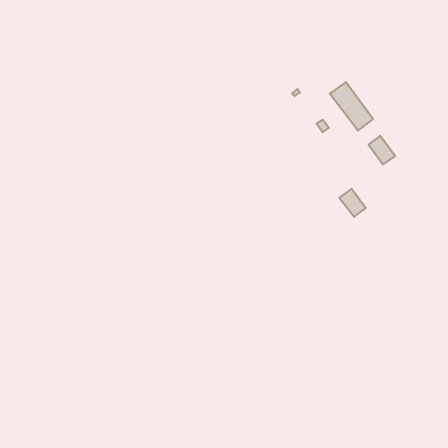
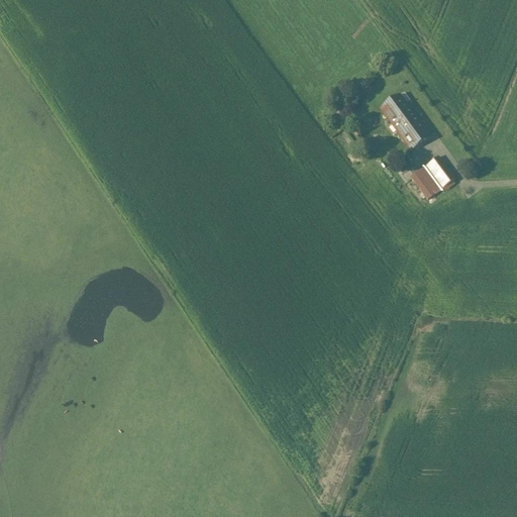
building: [339,189,366,217] -> [408,166,438,198]

